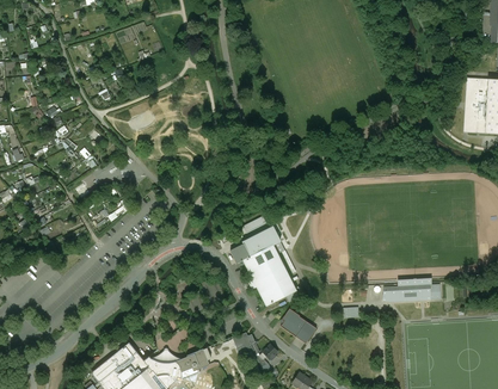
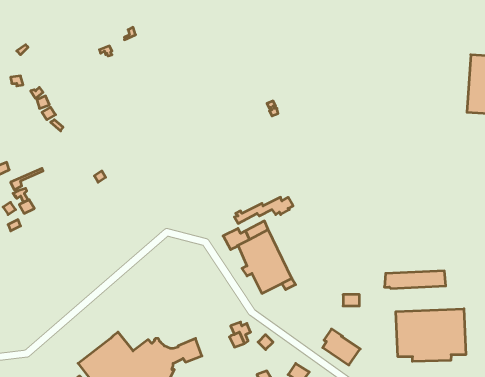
building: [281,308,316,342] -> [323,329,360,365]
building: none -> [396,309,466,361]

